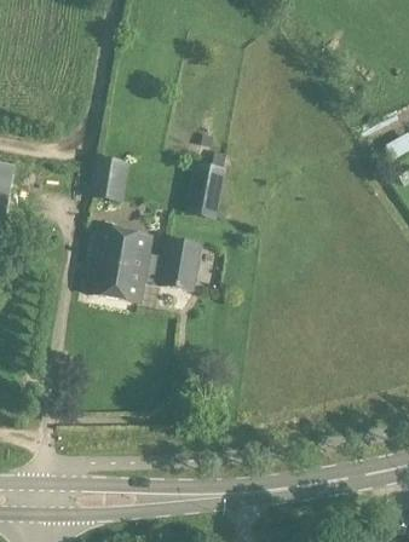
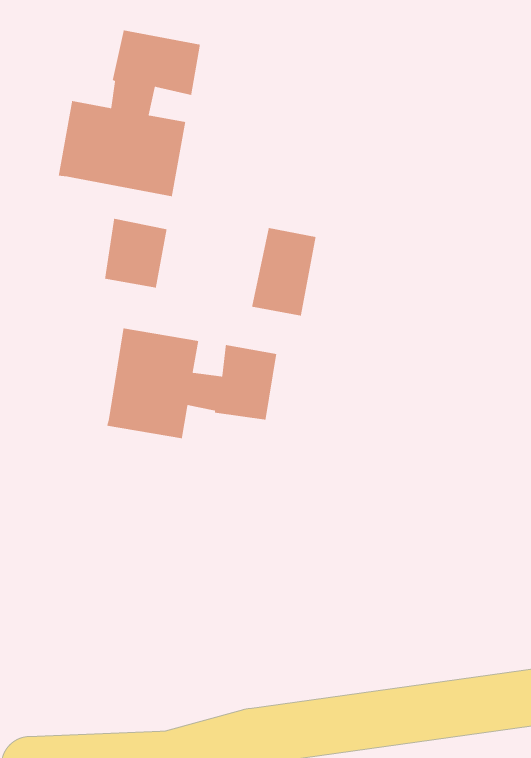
building: none -> [58,30,201,197]

